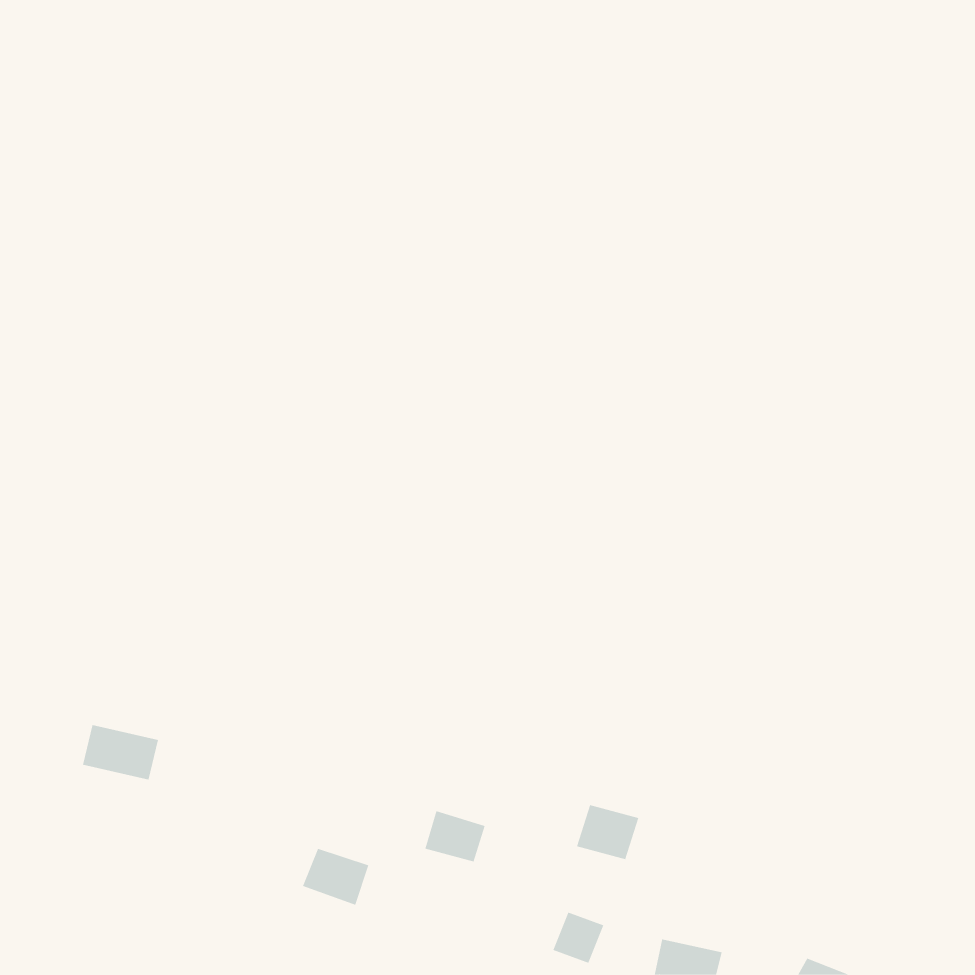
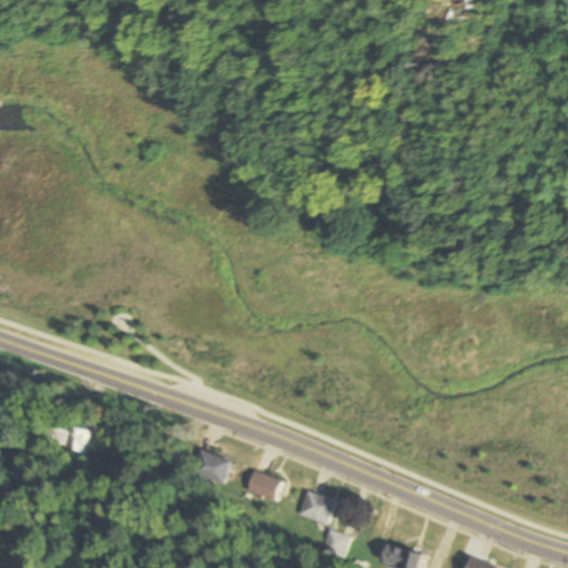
building: [576,805,639,860] -> [298,491,335,524]
building: [302,848,369,905] -> [192,450,231,484]

